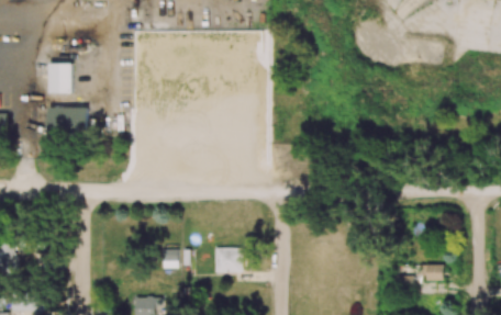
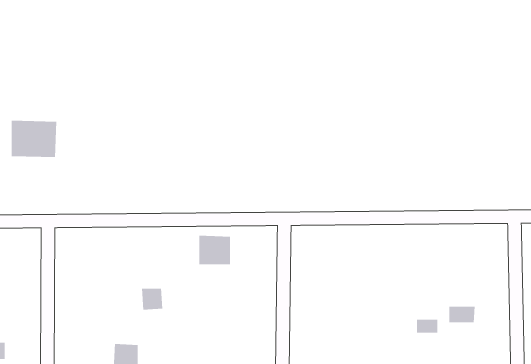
building: [48,63,71,93] -> none
building: [214,247,242,272] -> [198,235,231,265]

